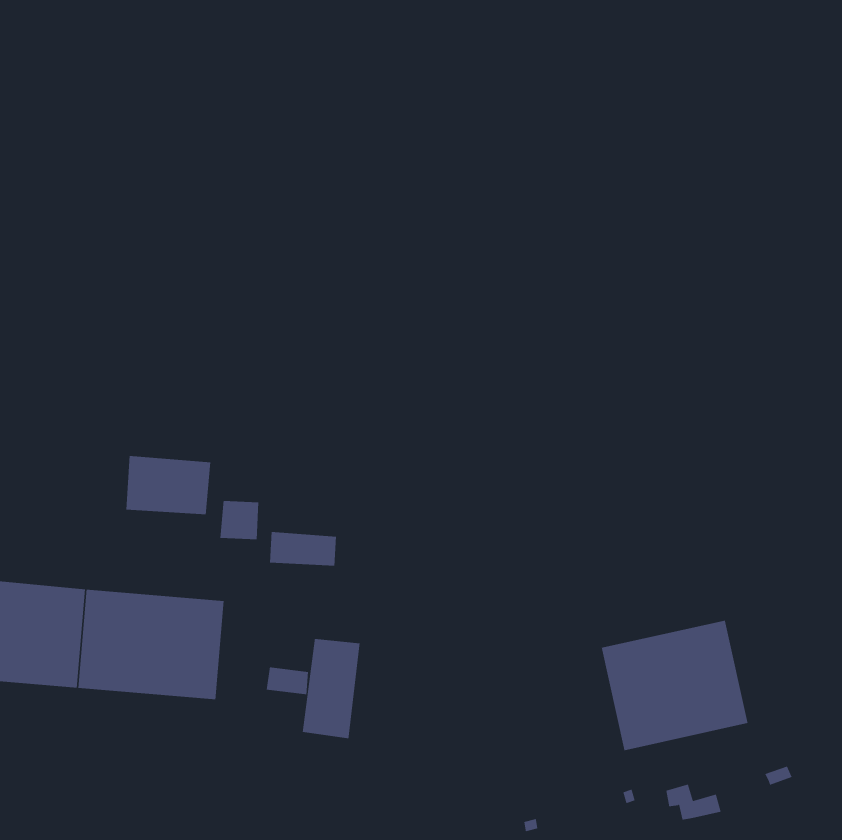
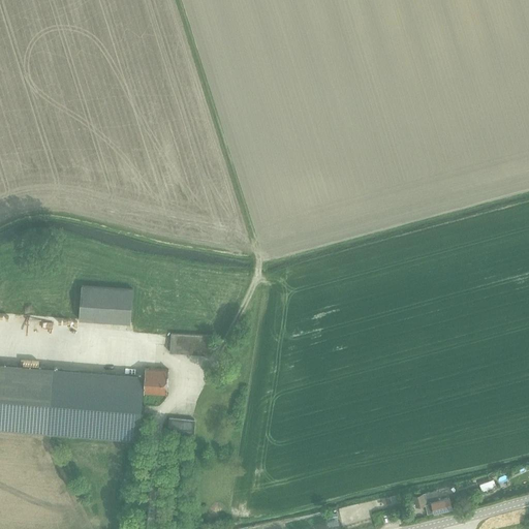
building: [220,500,259,540] -> [143,370,167,395]
building: [601,620,748,751] -> none
building: [302,638,360,739] -> none

